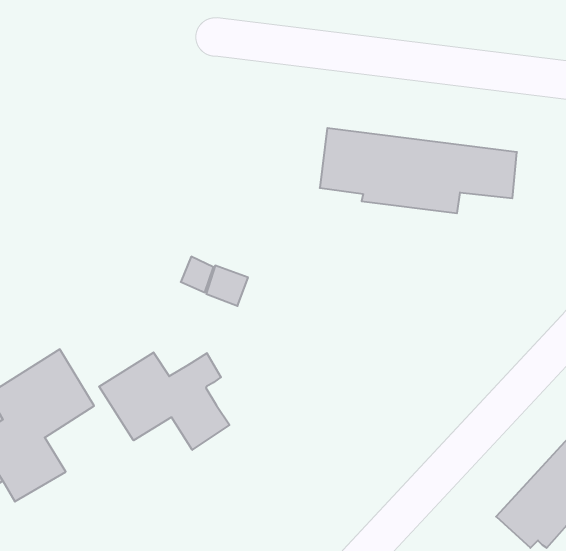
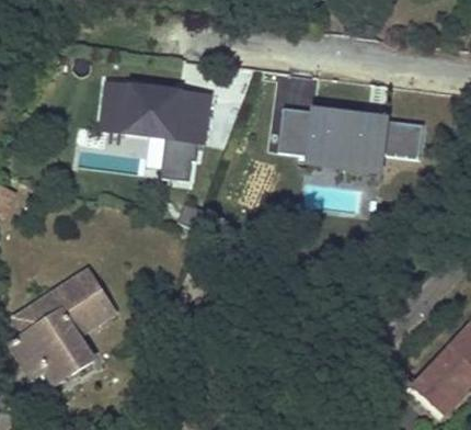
building: none -> [102,81,209,180]
building: [99,352,229,450] -> none

